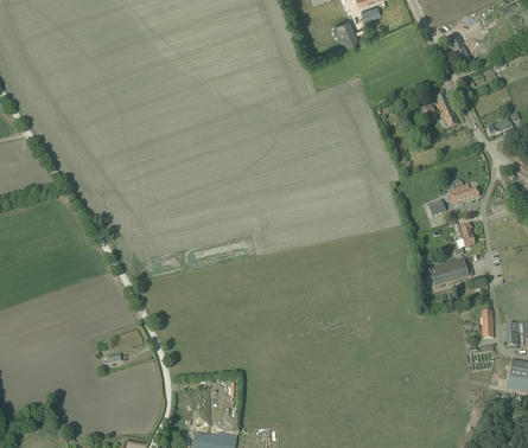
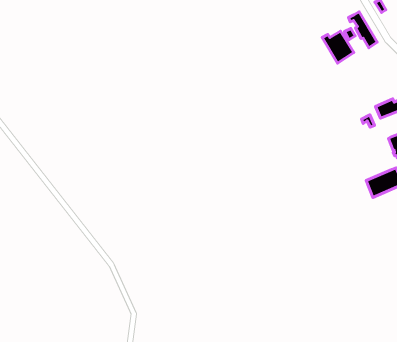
building: none -> [322,31,354,63]

